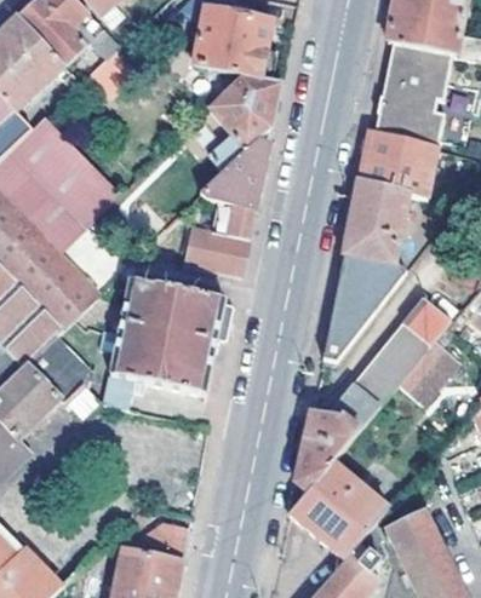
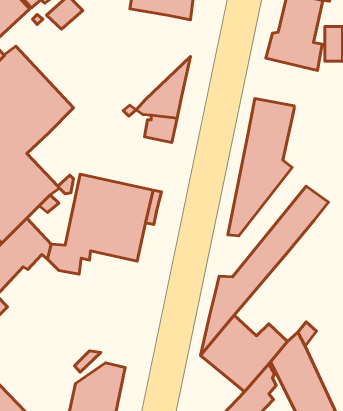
building: [202,74,281,183] -> none
building: [355,130,436,197] -> none
building: [188,229,247,275] -> none
building: [397,339,456,399] -> none

